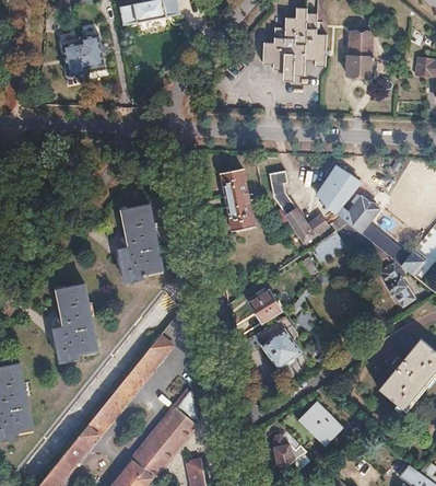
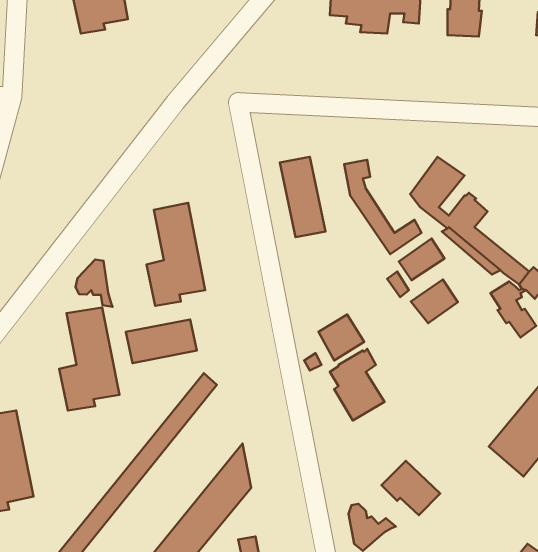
building: none -> [75,259,113,307]
building: none -> [411,280,458,323]
building: none -> [126,319,197,363]

